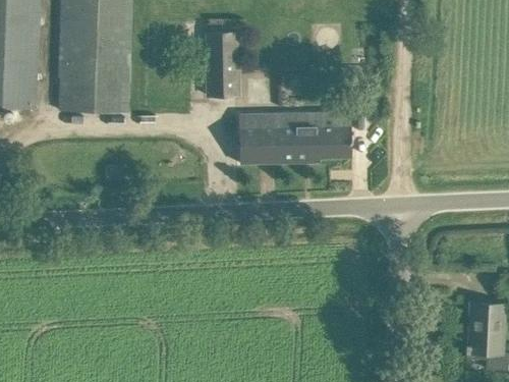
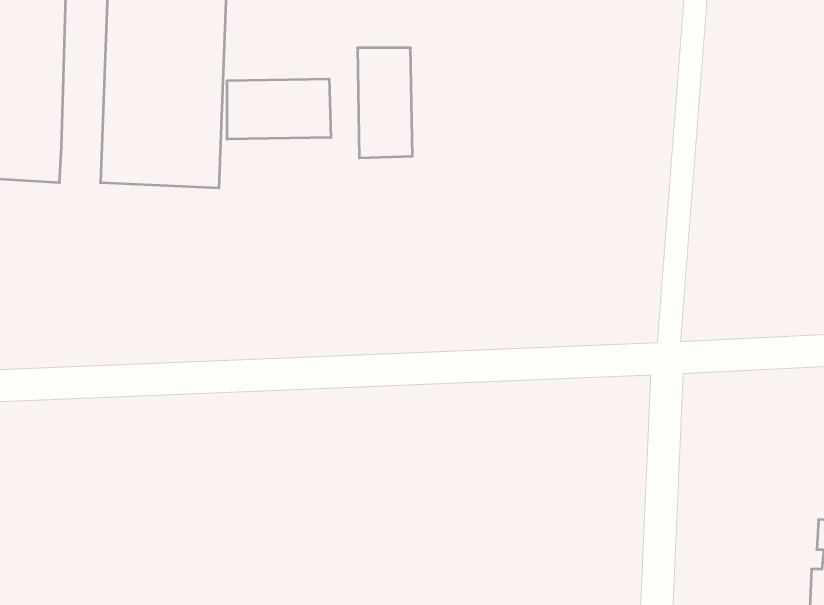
building: none -> [227,79,331,139]
building: [238,112,351,162] -> none

